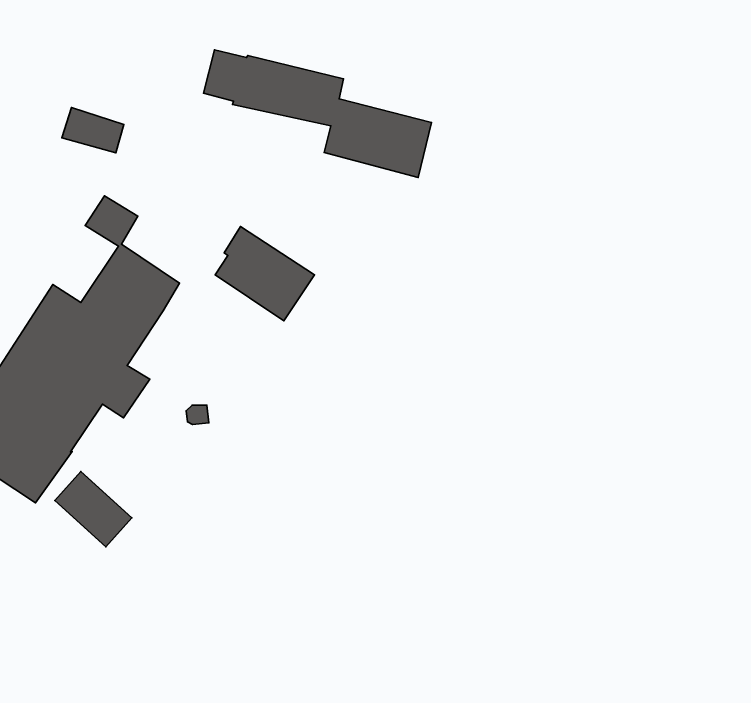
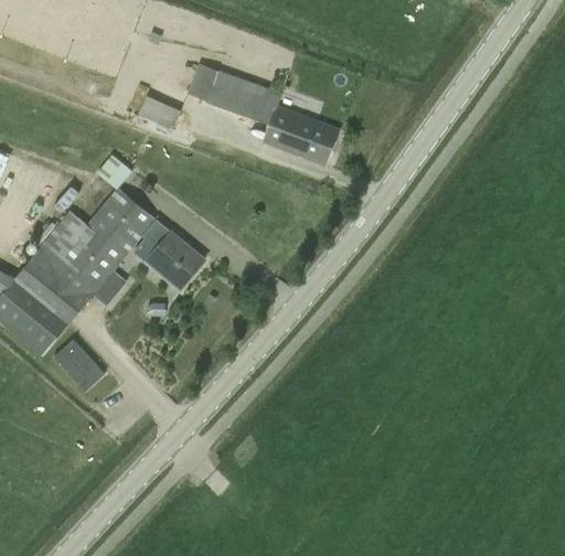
building: [62,108,124,153] -> [137,95,180,129]
building: [215,227,315,321] -> [136,222,203,289]

